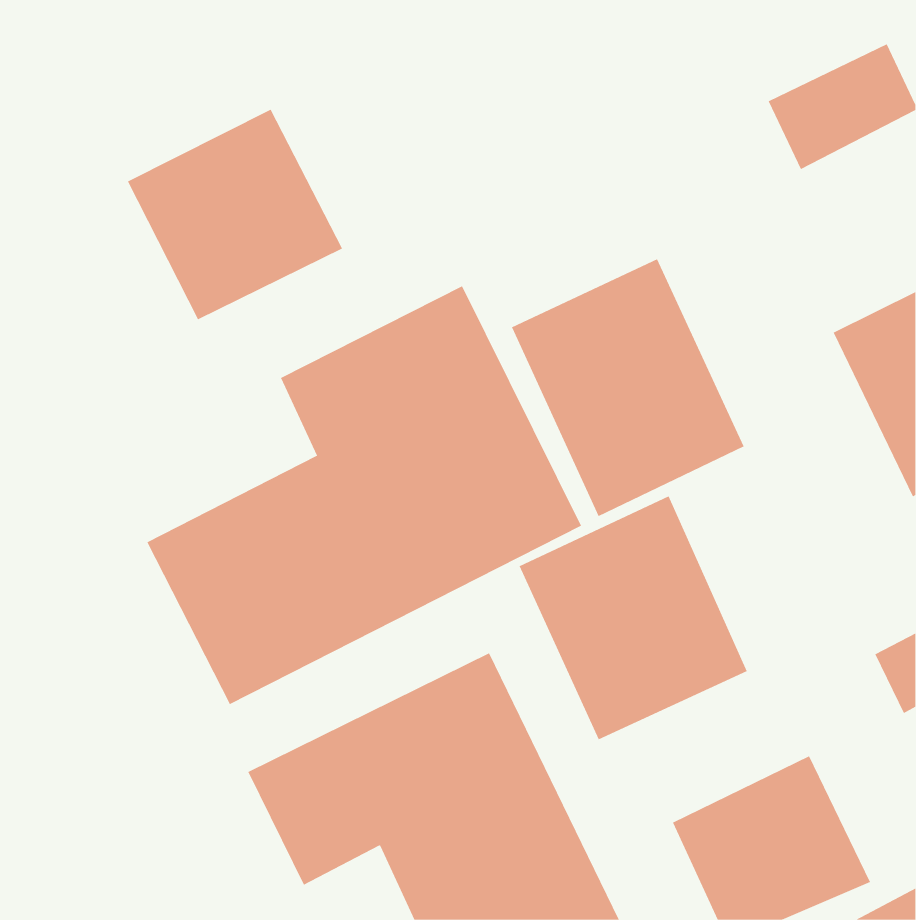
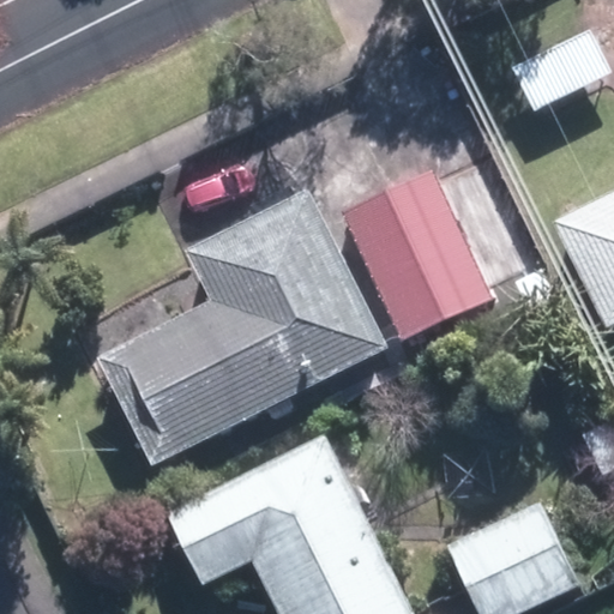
building: [127,109,343,320] -> none
building: [519,496,747,740] -> none

